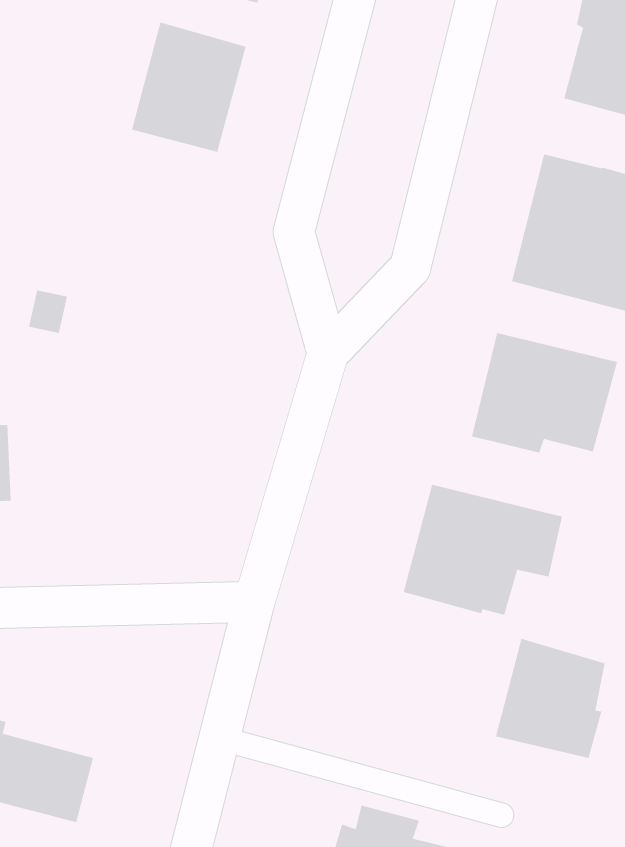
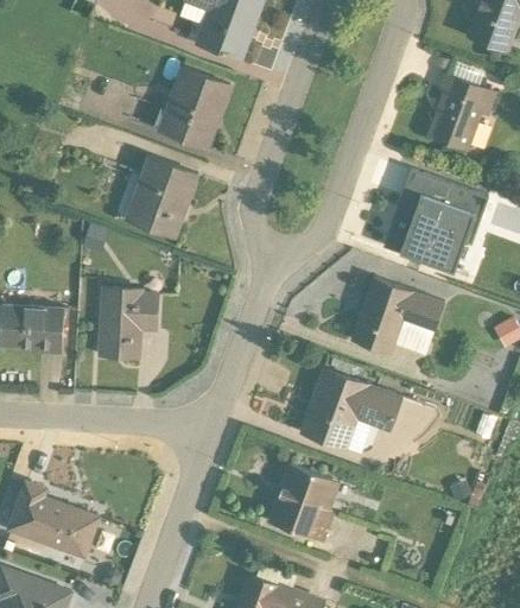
building: none -> [122,154,199,240]
building: none -> [99,289,156,357]
building: [495,638,605,759] -> [266,462,338,540]

